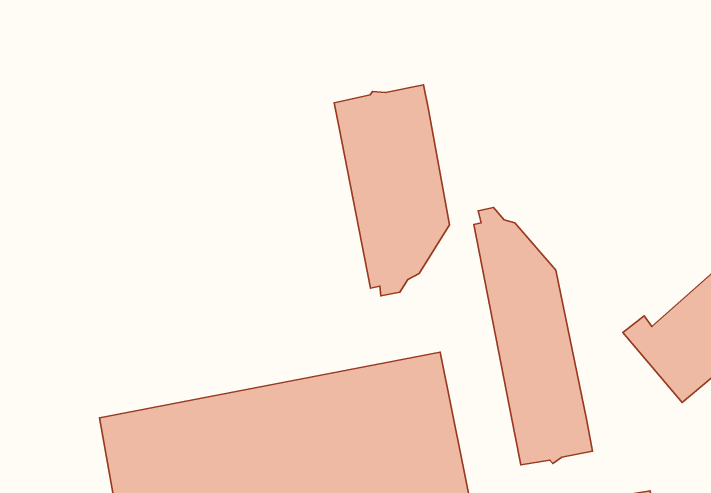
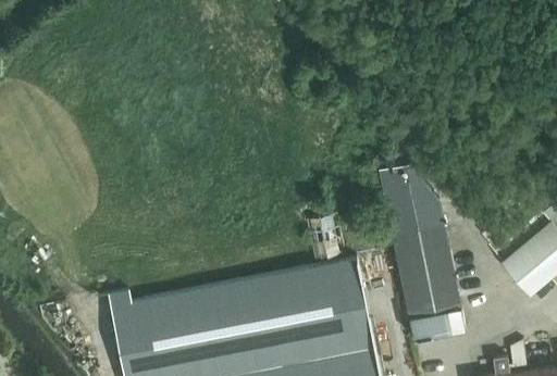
building: [334,85,450,296] -> none

